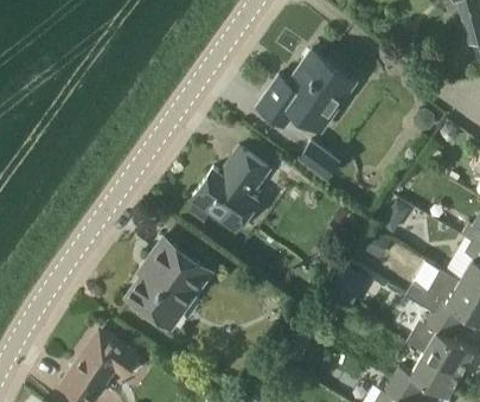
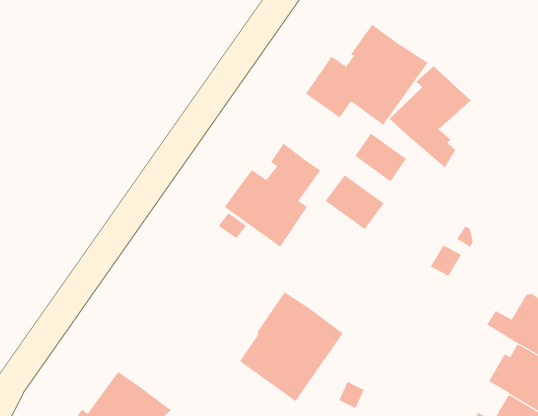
building: none -> [389,65,472,169]
building: none -> [325,174,385,230]
building: [127,240,212,330] -> [239,291,344,402]

